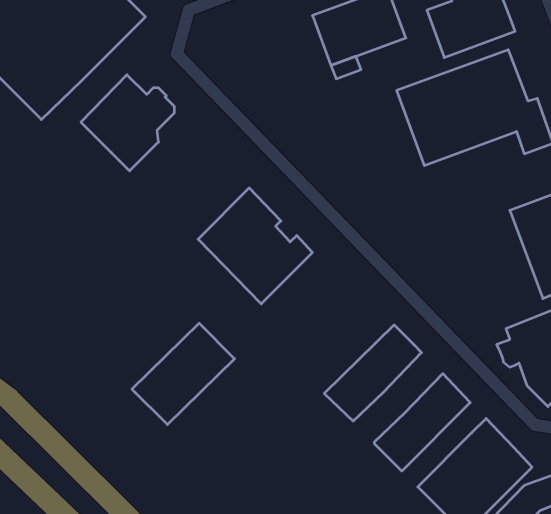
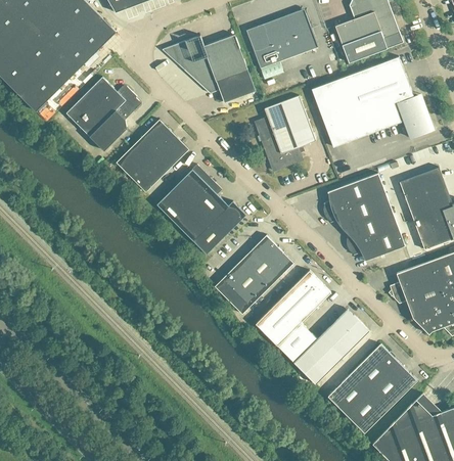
building: none -> [162,35,255,103]
building: none -> [255,96,315,171]
building: none -> [116,120,188,193]
building: none -> [323,174,404,262]
building: [132,323,235,425] -> [214,235,293,314]
building: none -> [277,323,317,362]

